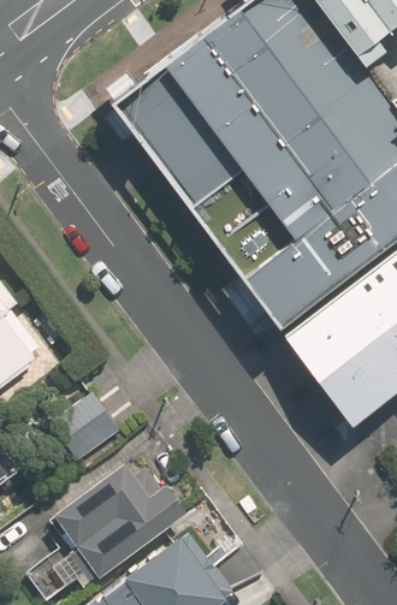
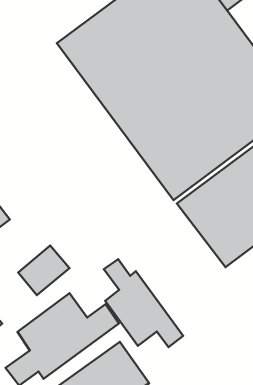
building: none -> [104,259,183,347]

